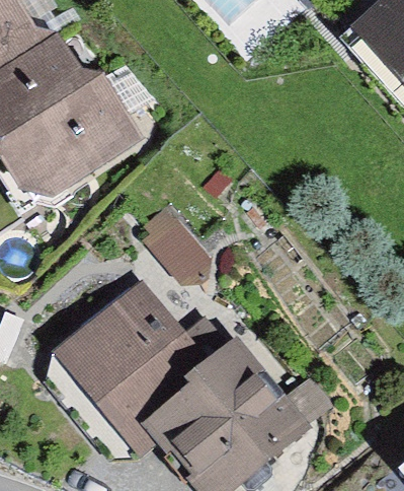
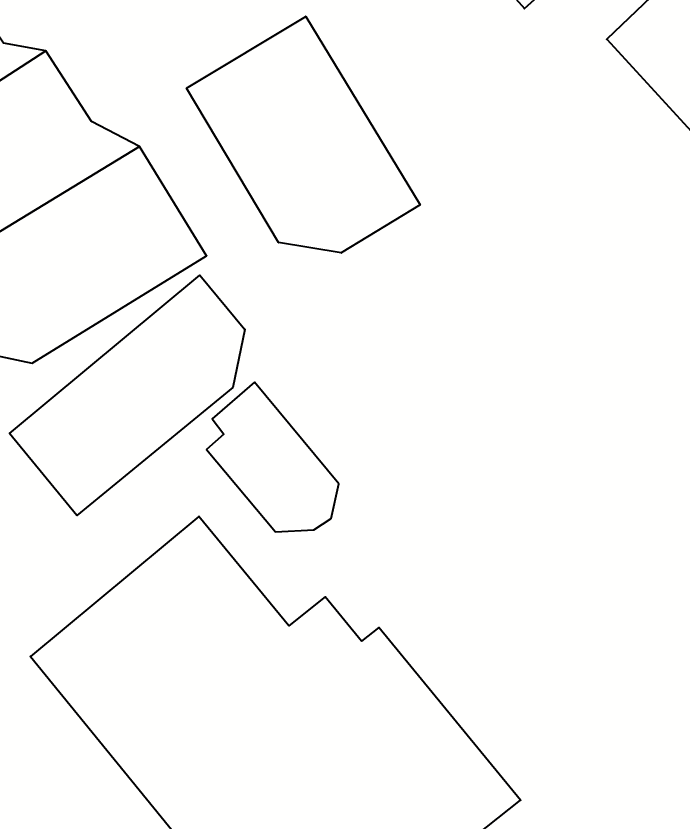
building: none -> [187,16,420,253]
building: none -> [10,275,245,515]

